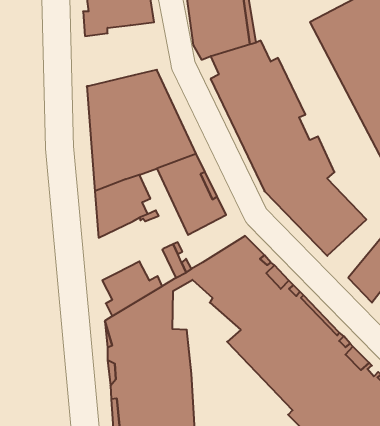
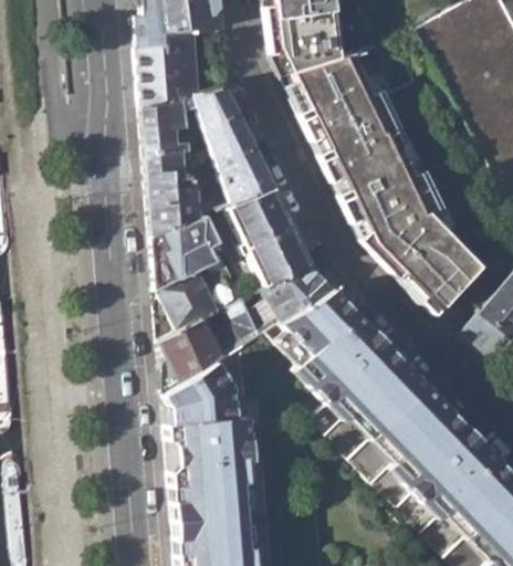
building: none -> [139,31,199,105]
building: none -> [264,261,334,318]
building: none -> [156,269,221,332]

